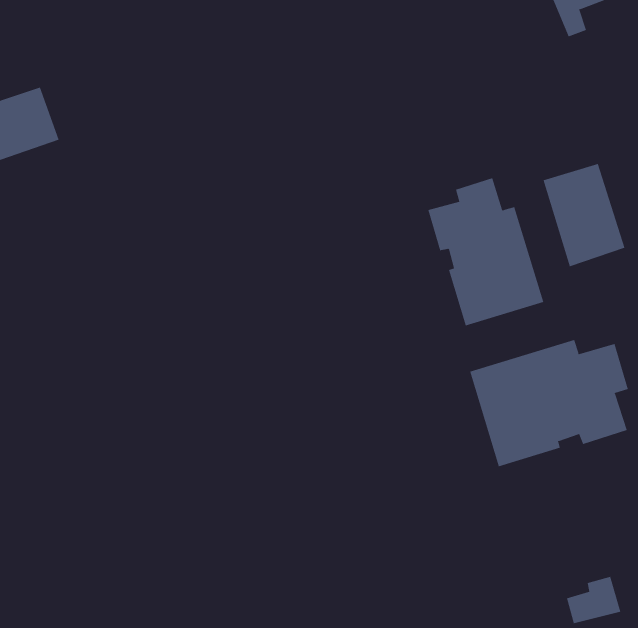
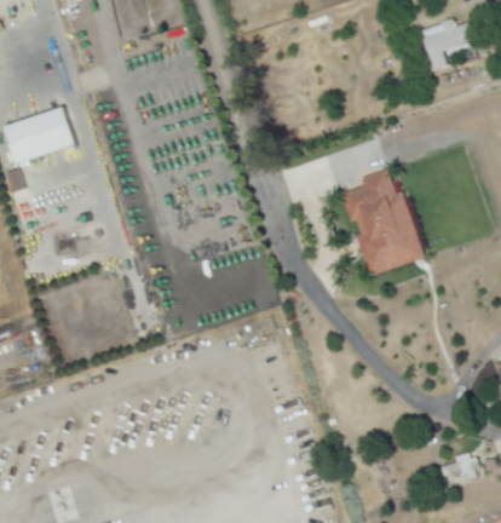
building: [543,163,625,267] -> none
building: [469,339,628,467] -> none

